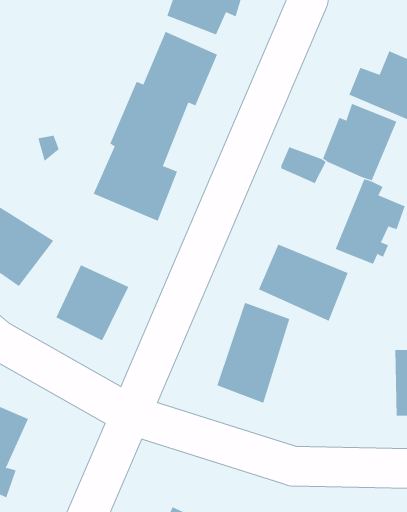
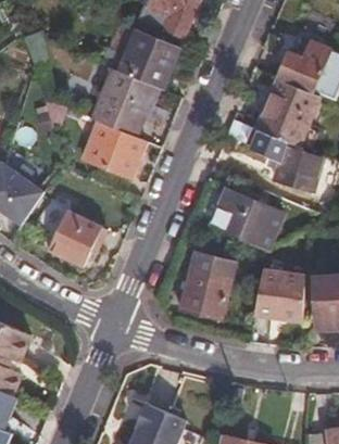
building: none -> [259,268,311,325]

